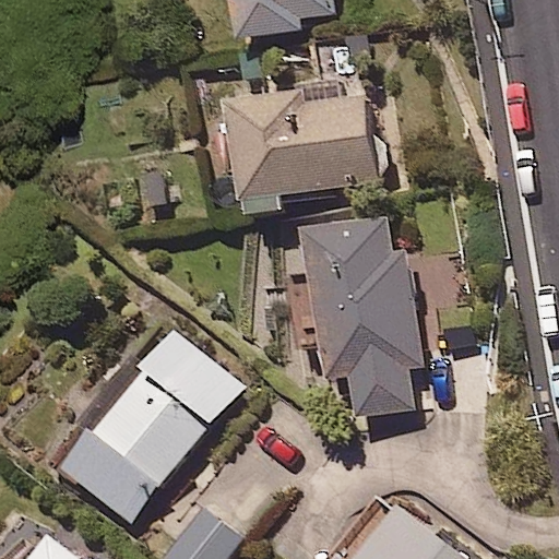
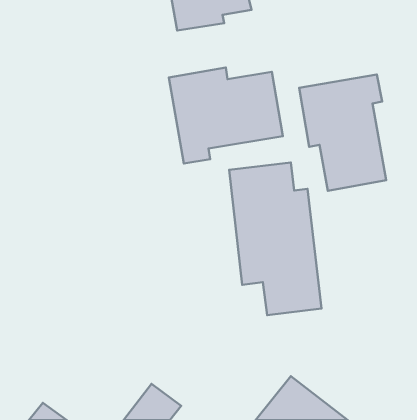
building: none -> [299,74,386,191]
building: [62,332,240,522] -> none

